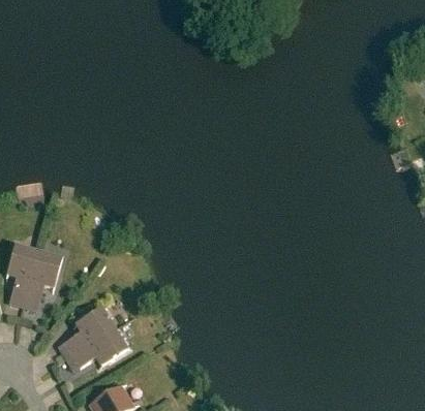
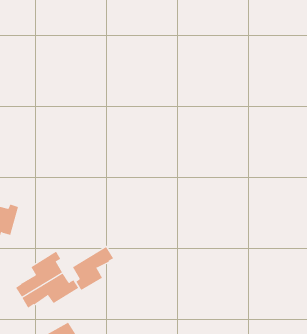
building: none -> [72,246,114,291]

